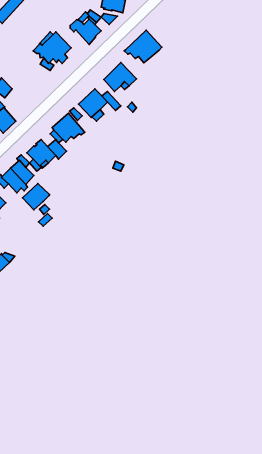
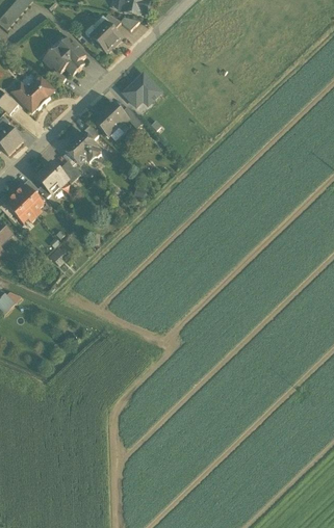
building: [124,30,162,63] -> none
building: none -> [14,75,54,109]
building: [23,184,49,210] -> none

